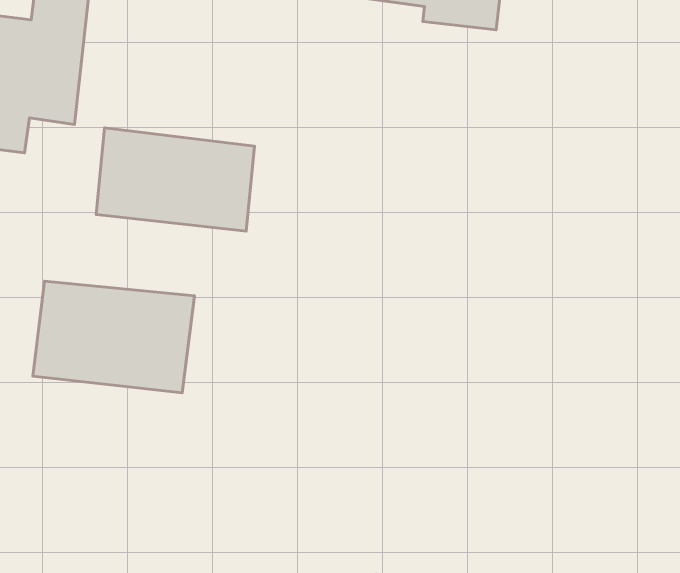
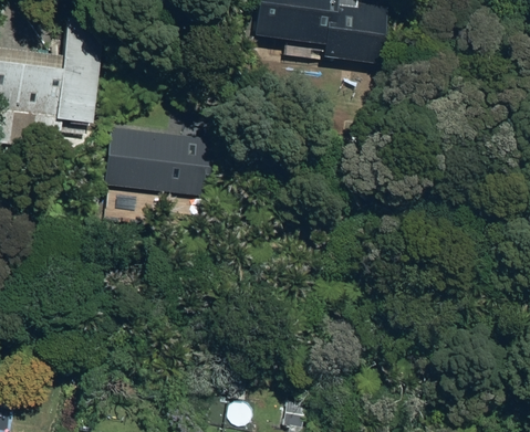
building: [33,281,194,393] -> none

